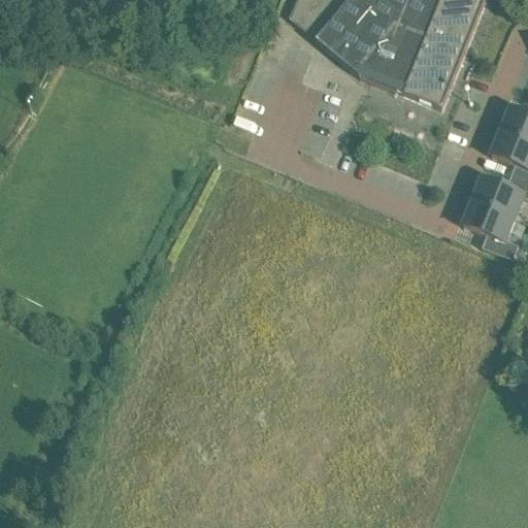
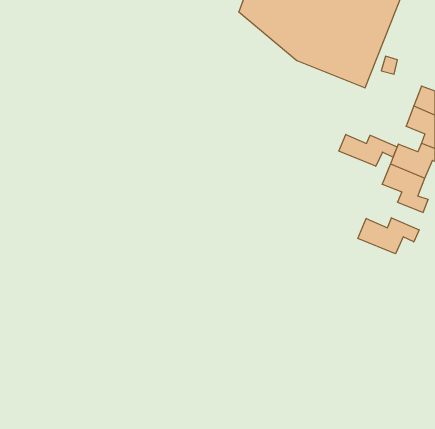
building: none -> [339,134,397,166]
building: none -> [358,218,419,254]

